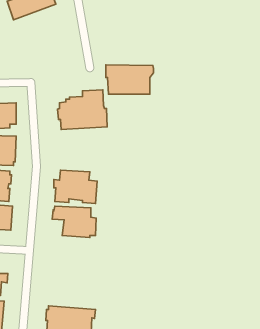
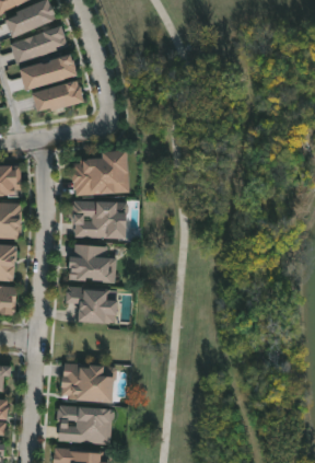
building: none -> [19,56,78,91]
building: none -> [32,81,84,112]
building: [106,65,154,94] -> [71,201,128,236]
building: none -> [59,363,113,404]

